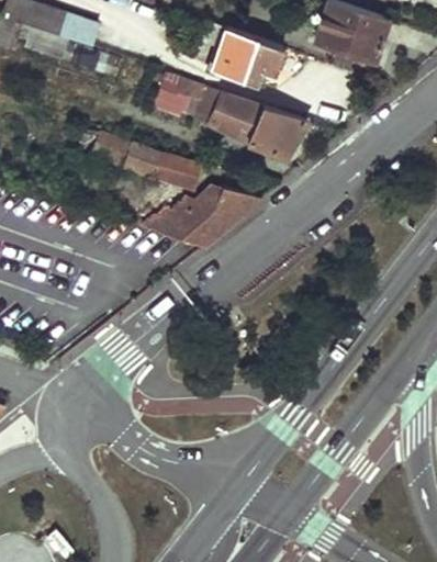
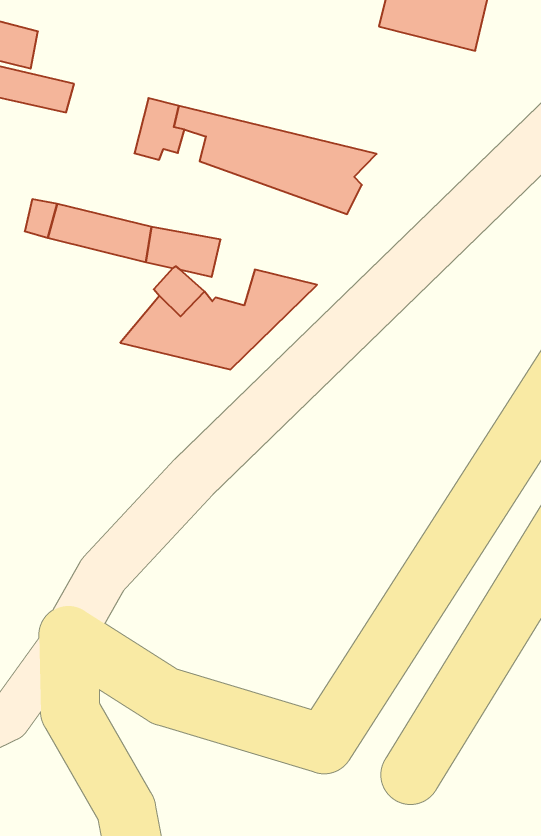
building: [198,23,284,86] -> none

